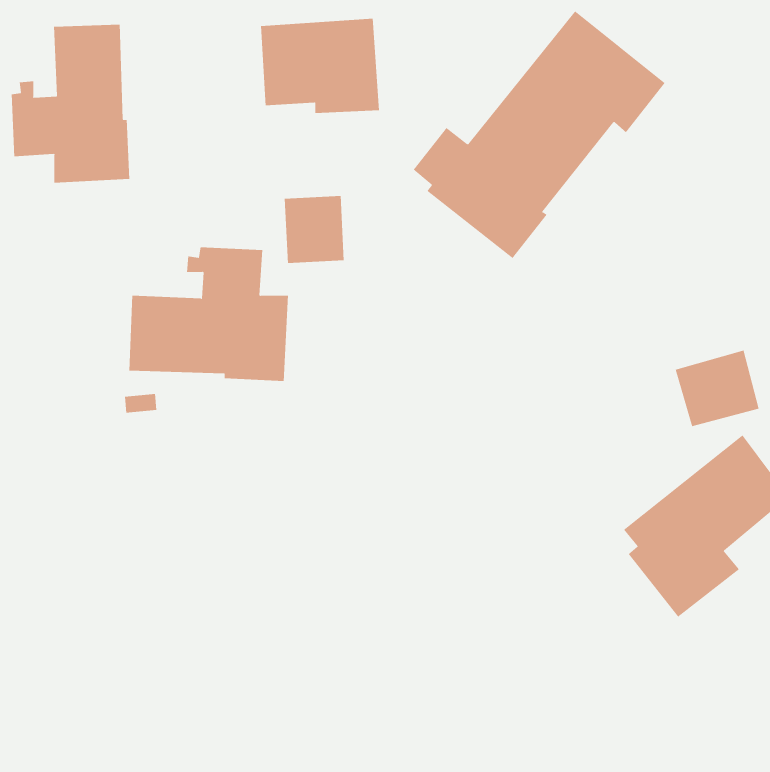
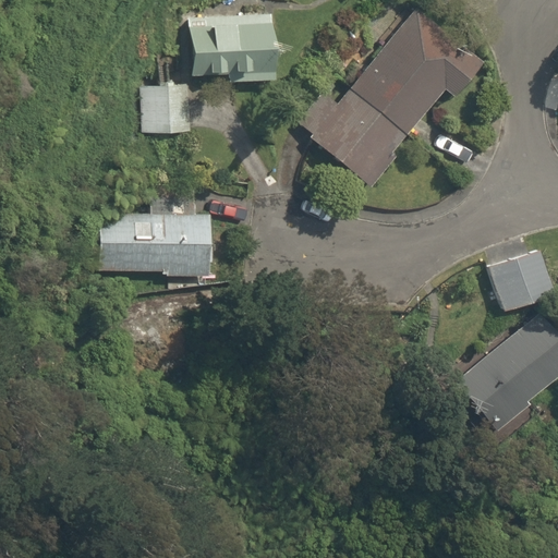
building: [11,24,130,183] -> none
building: [284,195,345,264] -> [146,85,190,134]

